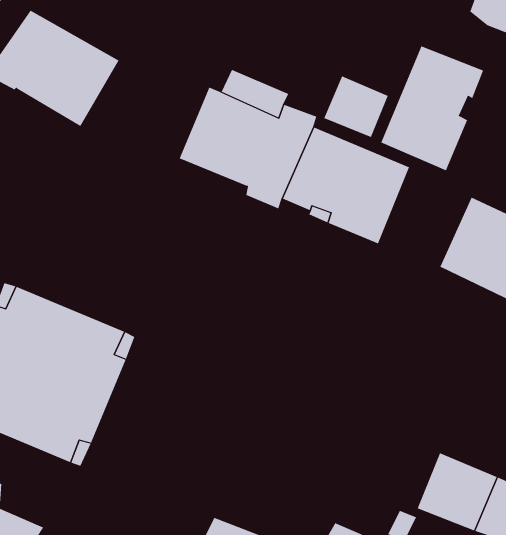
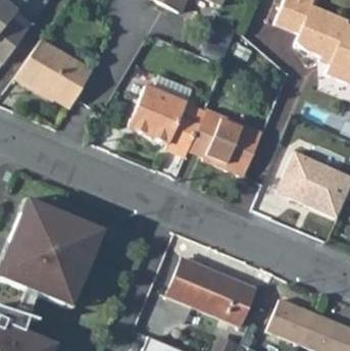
building: [380,45,484,171] -> none
building: [324,75,388,138] -> none
building: none -> [166,257,255,325]

